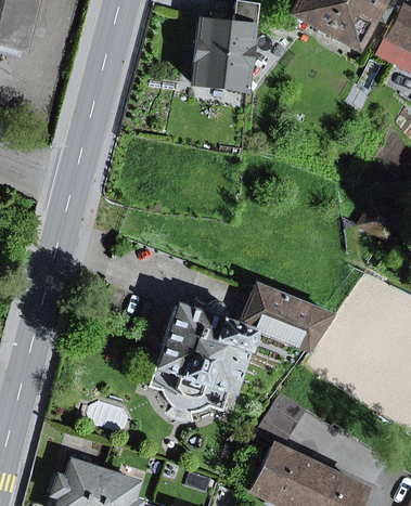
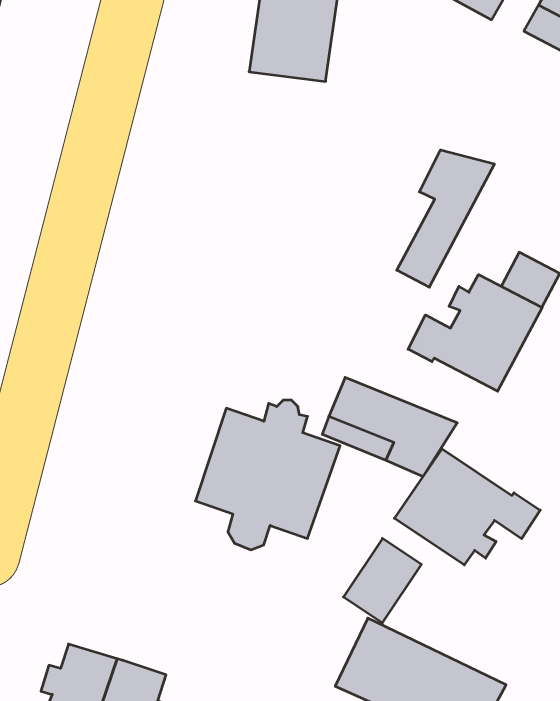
building: none -> [397,150,494,287]
building: none -> [408,275,542,391]
building: none -> [394,449,540,565]
building: [151,368,231,413] -> none

